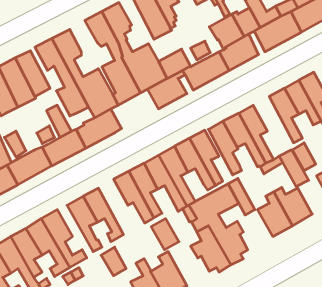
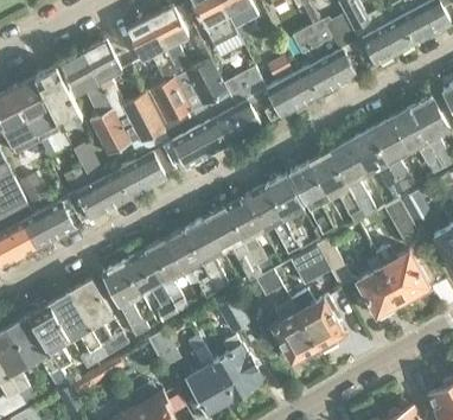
building: none -> [161,120,224,172]
building: none -> [350,129,403,198]
building: none -> [145,240,189,313]

